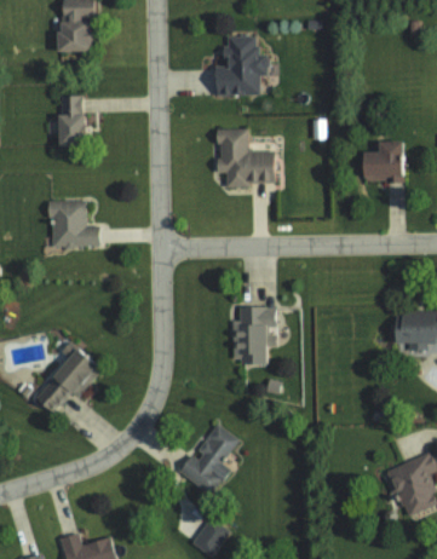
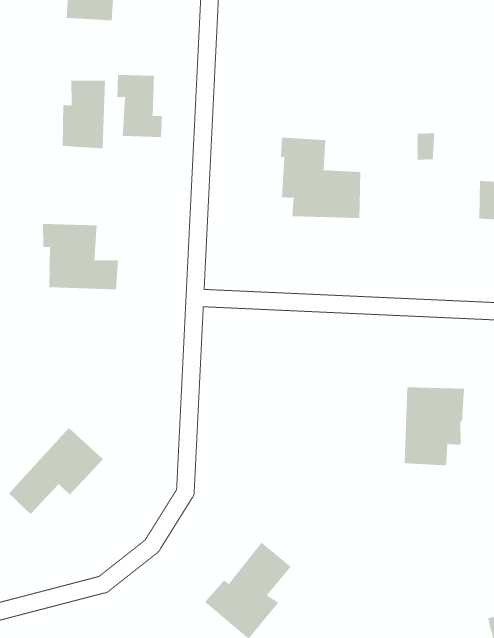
building: [214,36,269,94] -> none
building: none -> [117,74,162,138]
building: [235,306,277,363] -> [404,387,465,466]

